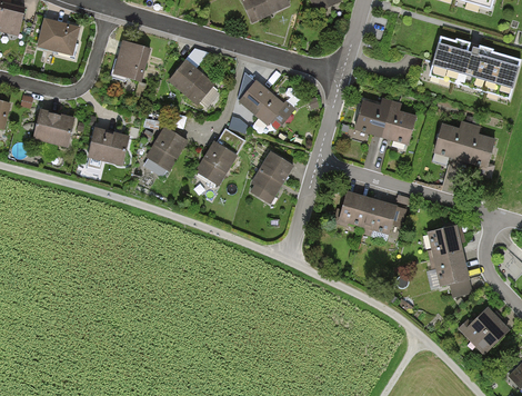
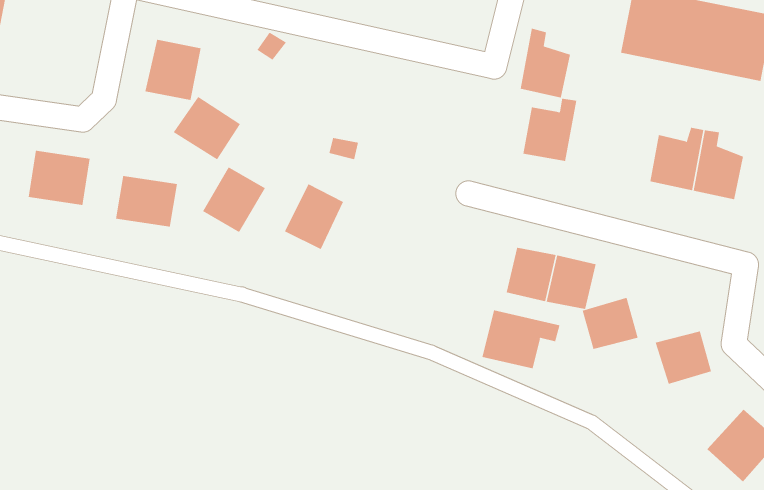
building: [38,19,80,56] -> none
building: [168,60,212,102] -> [173,96,241,160]
building: [240,81,284,123] -> none
building: [382,99,416,146] -> [520,28,571,98]
building: [247,152,294,205] -> none
building: [426,227,462,259] -> [582,297,638,349]
building: none -> [482,309,560,369]

